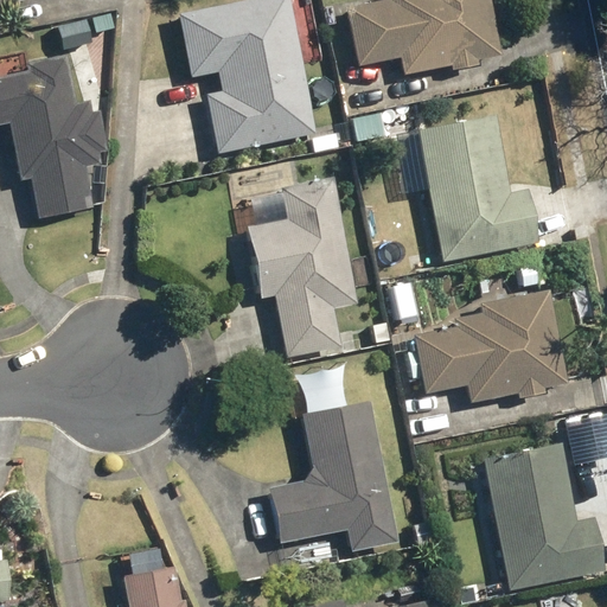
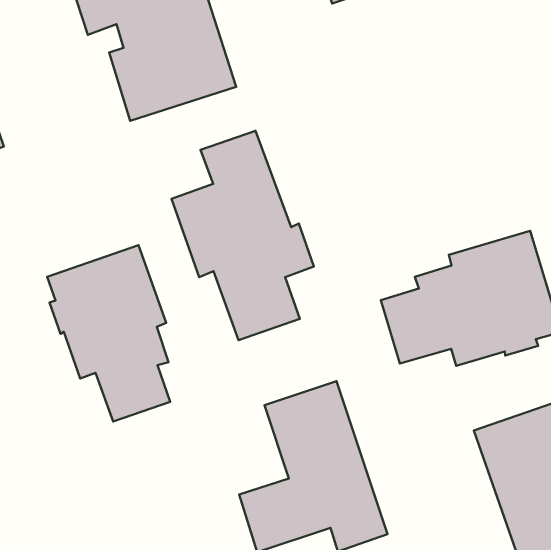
building: [409,111,539,260] -> none
building: none -> [47,245,170,422]

